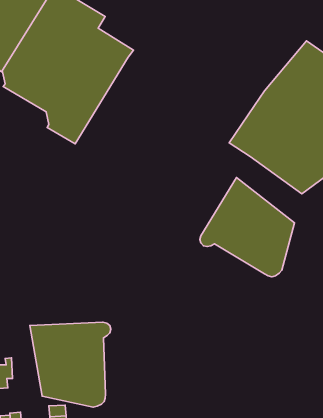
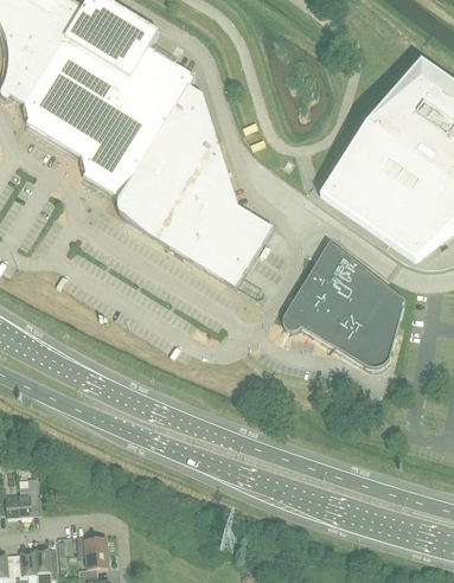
building: none -> [116,84,273,287]
building: [30,322,111,407] -> none

